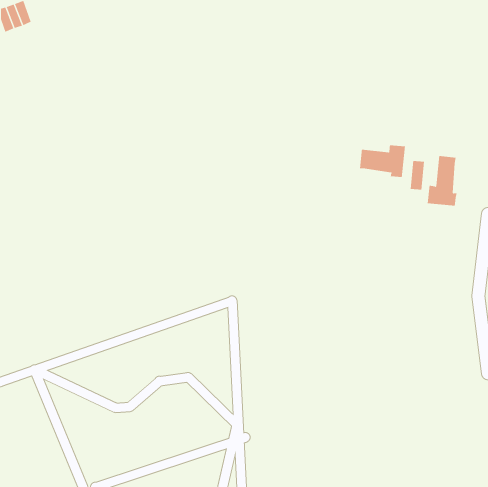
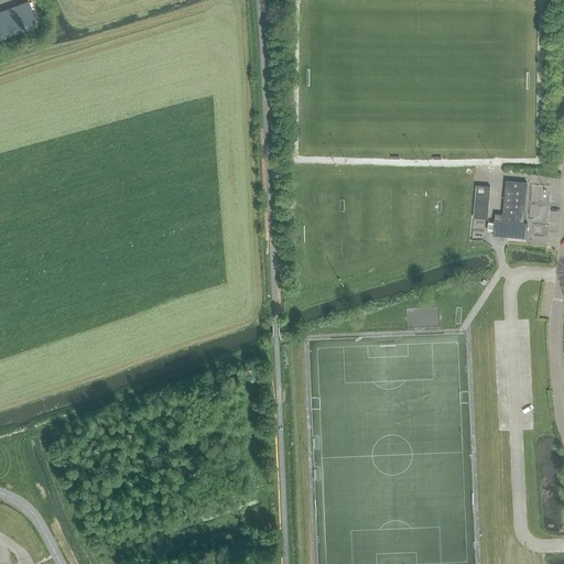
building: [359,144,406,178] -> none

